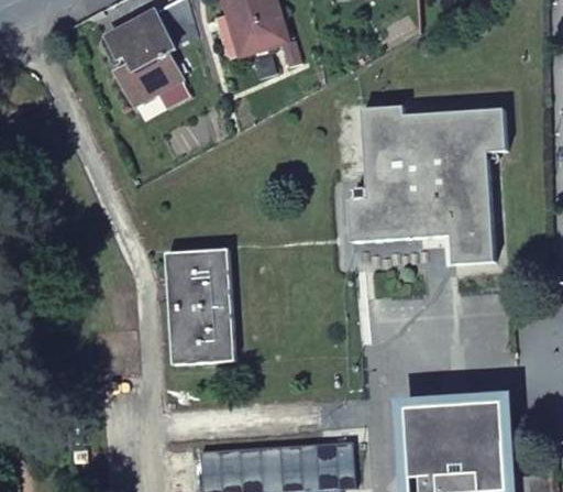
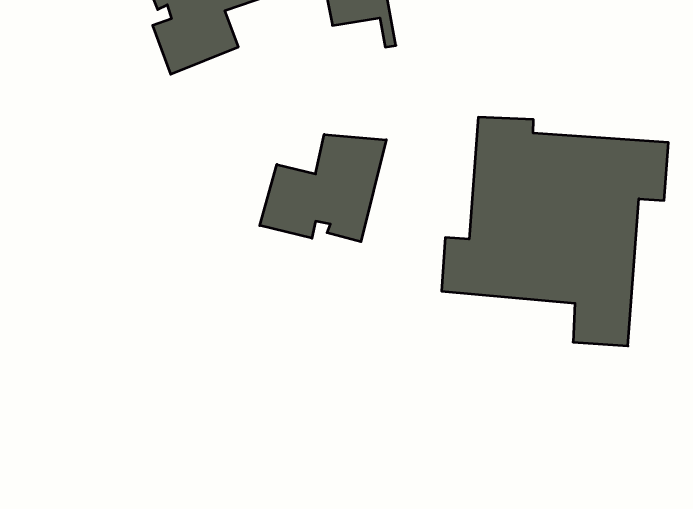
building: none -> [260,134,386,242]
building: [165,249,234,365] -> none

